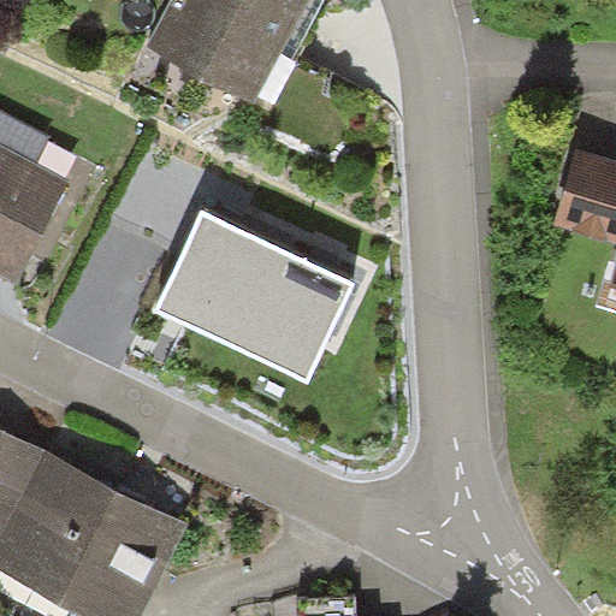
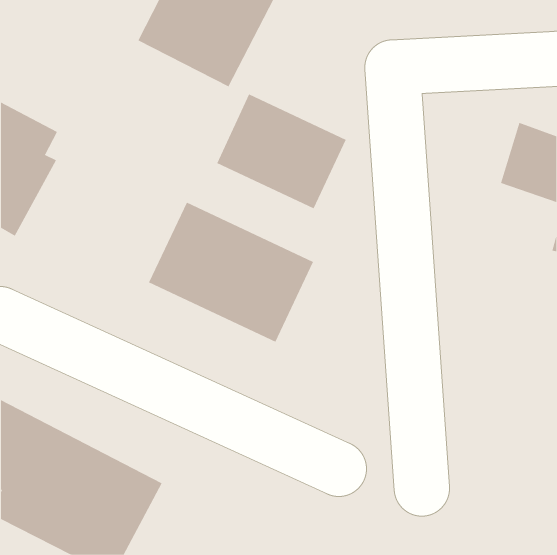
building: none -> [216,94,346,209]

